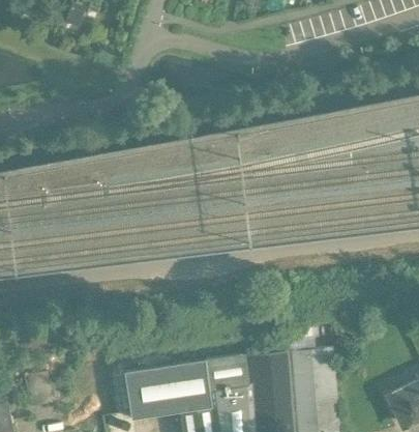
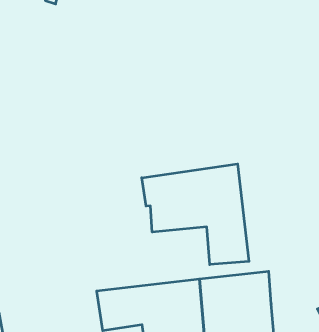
building: none -> [142,164,249,265]

